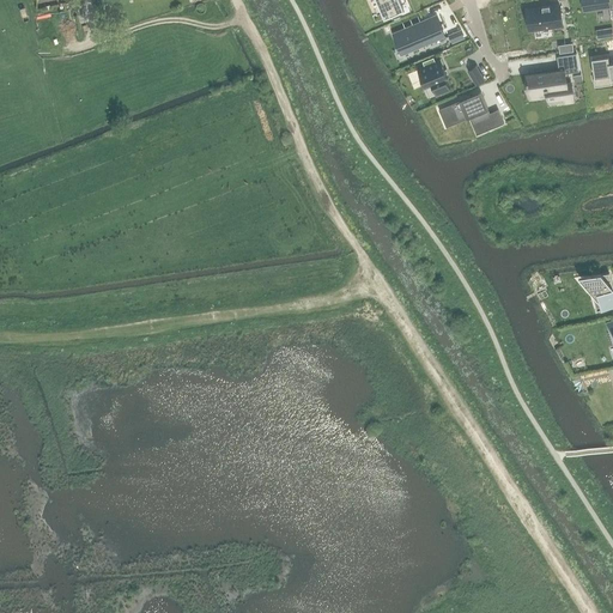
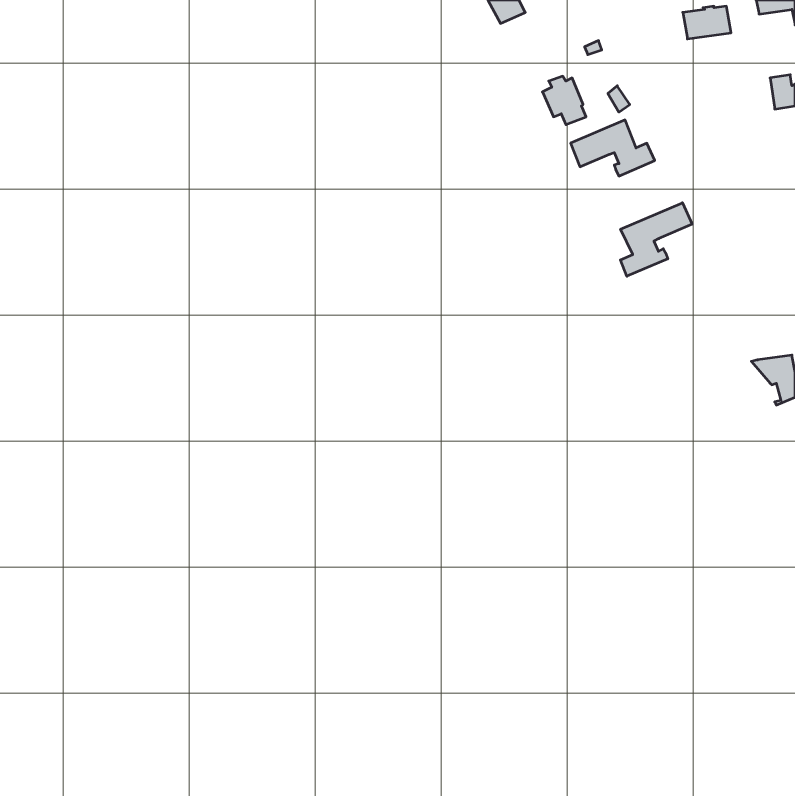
building: [399,17,443,50] -> none
building: [526,54,578,98] -> none
building: none -> [620,203,692,276]

